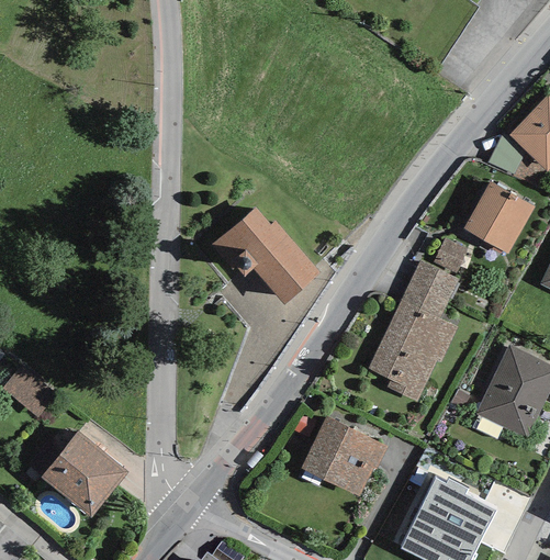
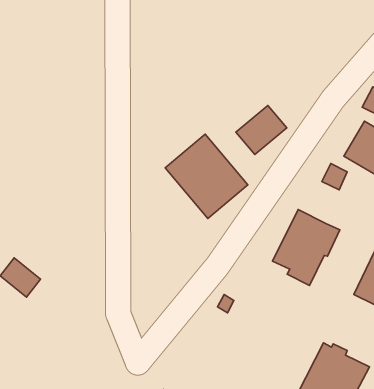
building: none -> [236,105,287,154]
building: [401,259,458,317] -> none
building: [300,415,385,496] -> none
building: [41,430,127,517] -> none

